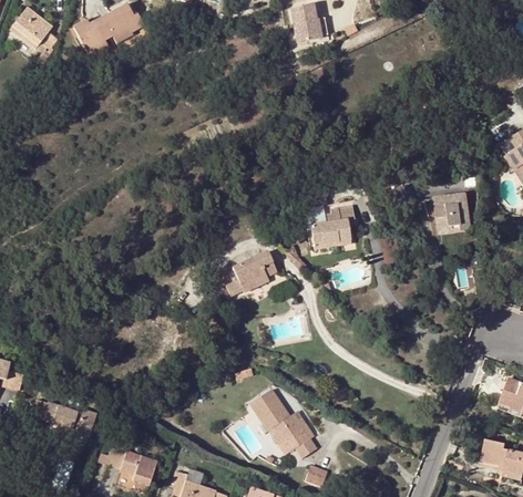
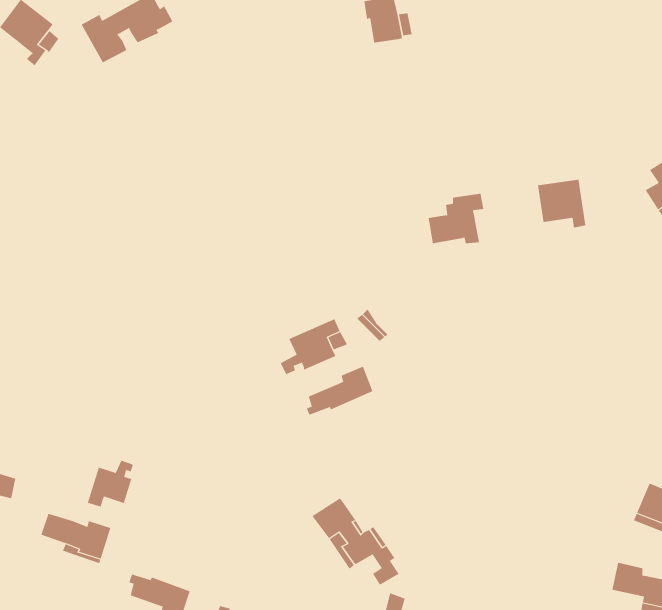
building: [432,194,470,231] -> [537,179,586,228]
building: [310,206,353,245] -> [428,193,484,244]
building: none -> [306,366,373,416]
building: none -> [87,460,133,508]

